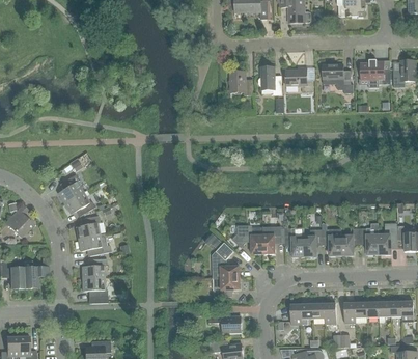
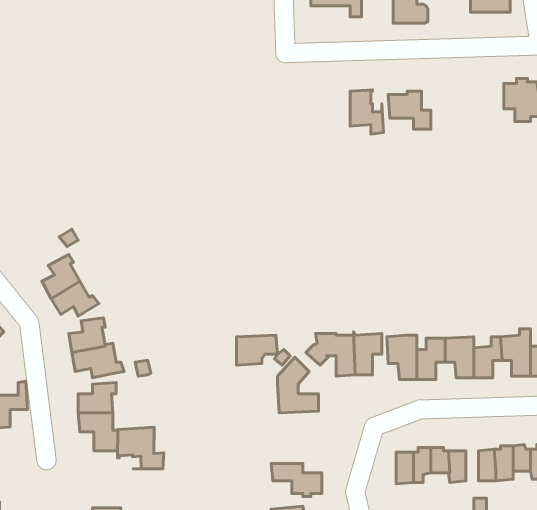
building: [323,63,354,93] -> none
building: [229,71,253,94] -> none
building: [214,277,241,297] -> [236,335,278,365]
building: none -> [118,427,164,469]

